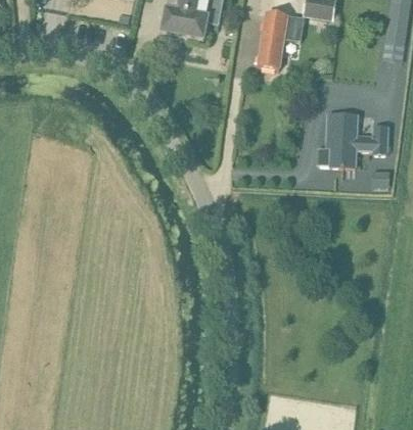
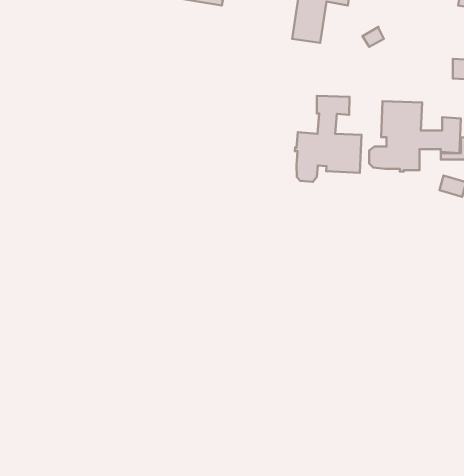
building: none -> [295,96,362,182]

